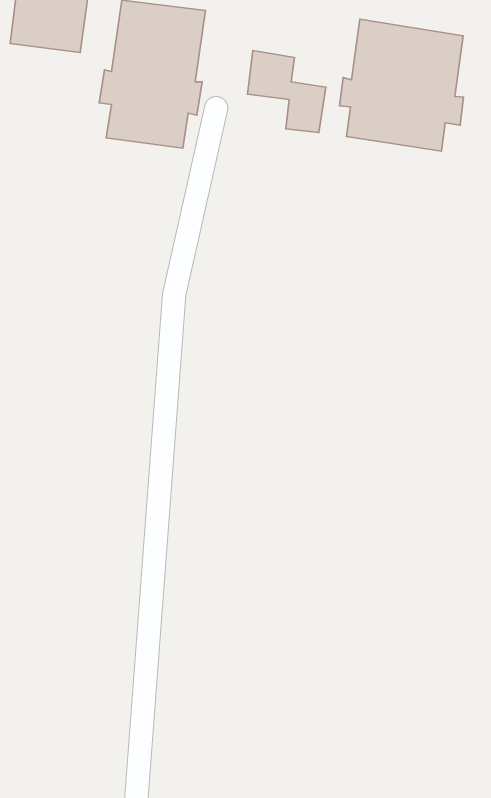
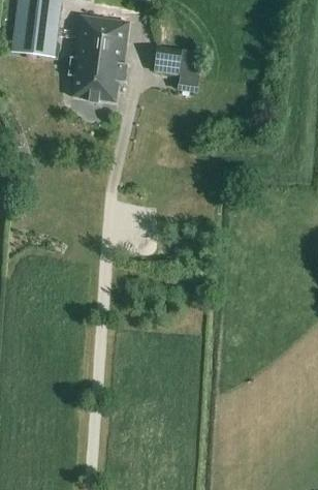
building: [340,19,464,151] -> none

